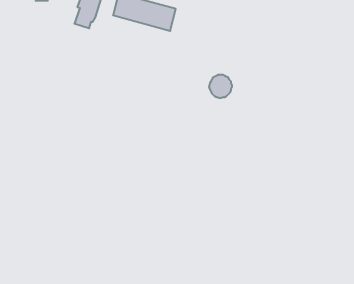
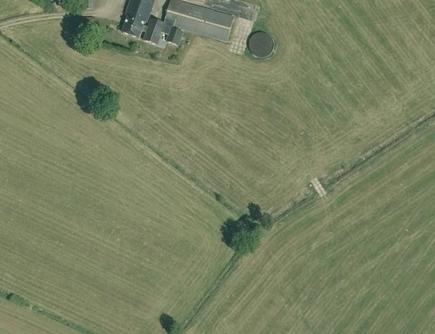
building: none -> [142,18,182,45]
building: [209,75,232,98] -> [247,32,272,57]

